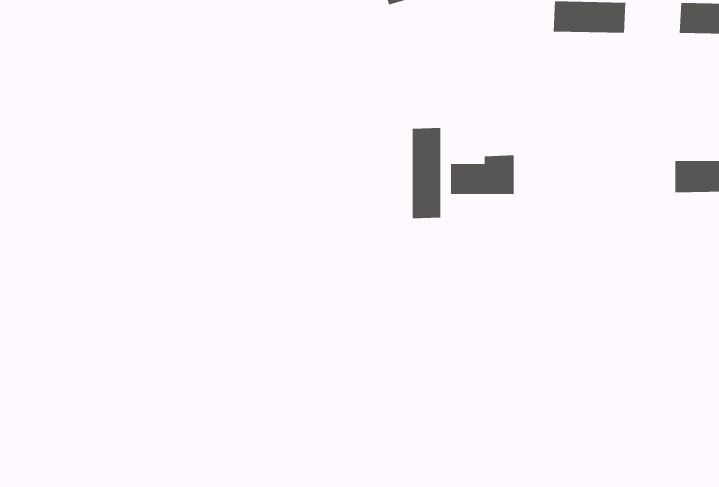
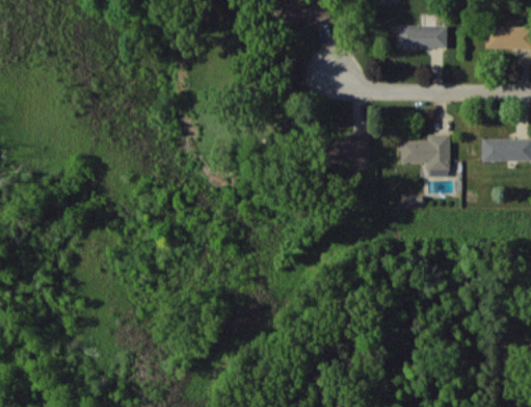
building: [412,127,441,219] -> none
building: none -> [400,135,449,177]

